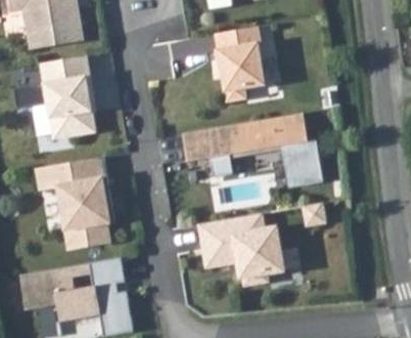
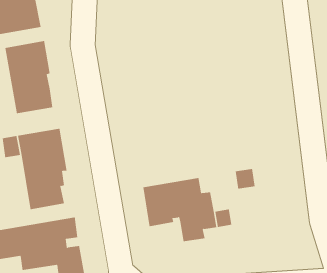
building: [214,27,265,102] -> none
building: [182,113,322,188] -> none

